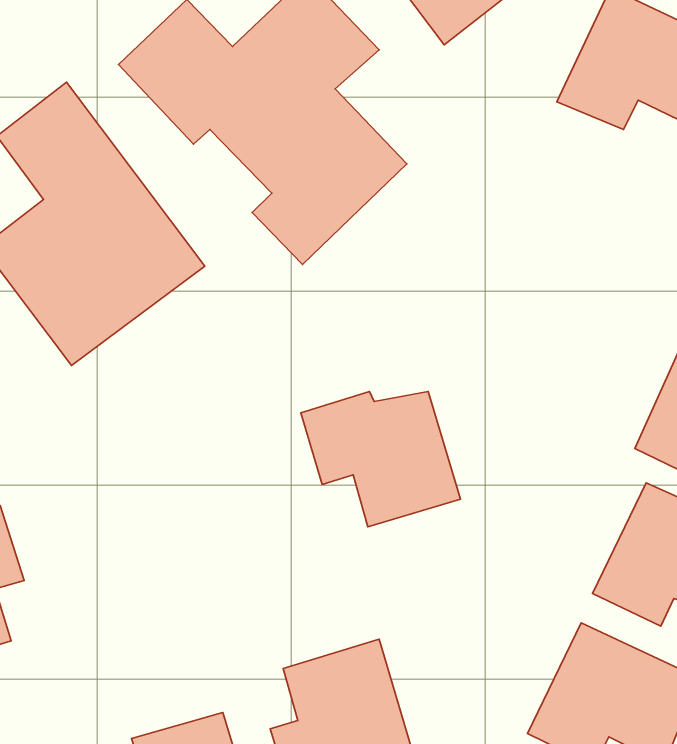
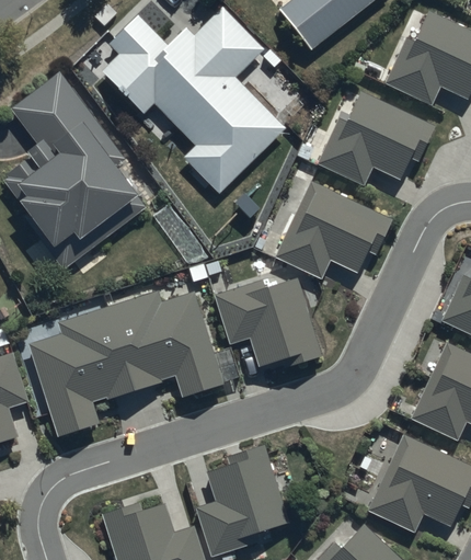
building: none -> [317,88,435,185]
building: none -> [272,182,391,278]
building: none -> [30,289,223,438]

